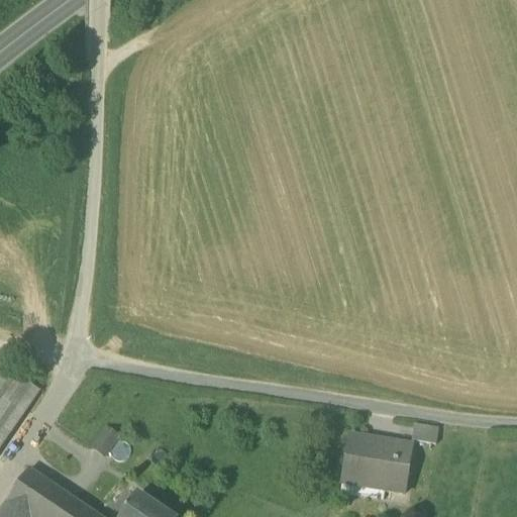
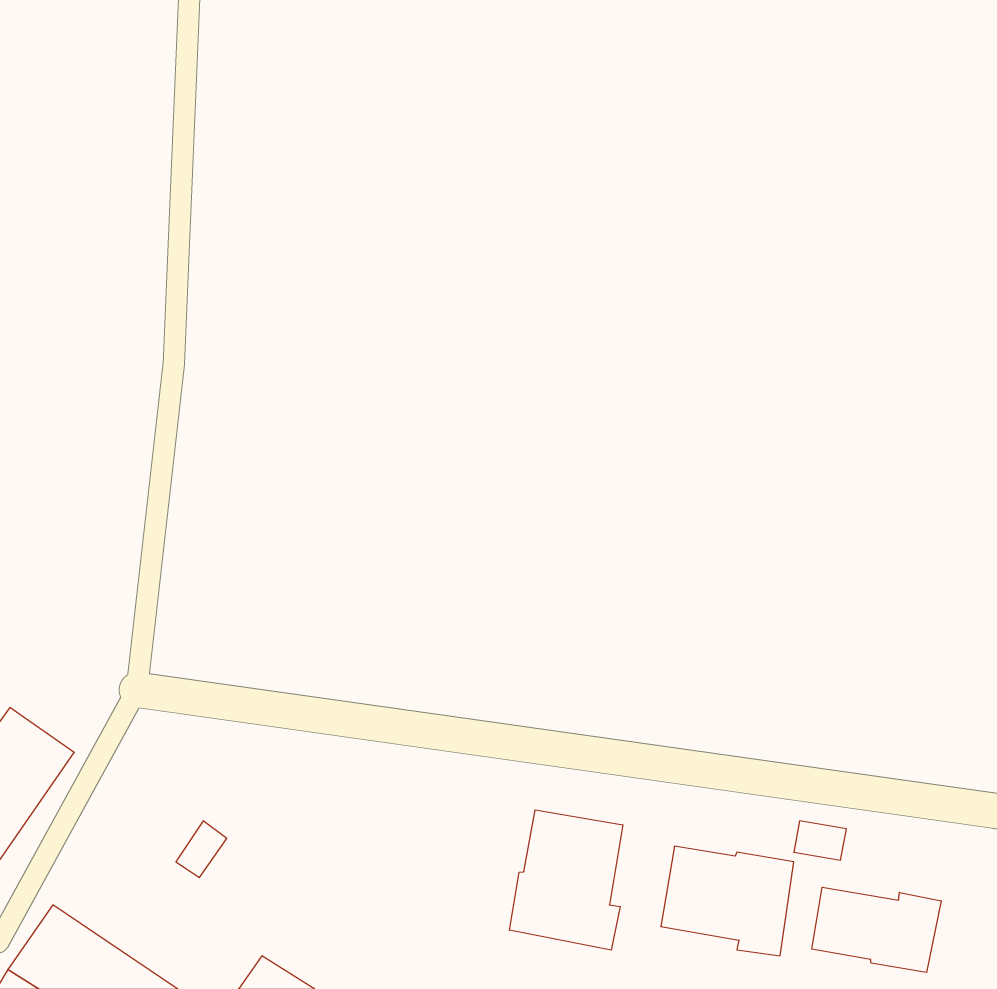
building: none -> [509,810,623,950]
building: none -> [812,887,941,972]

